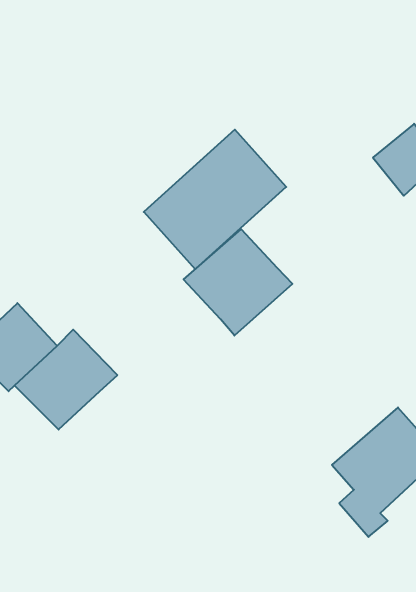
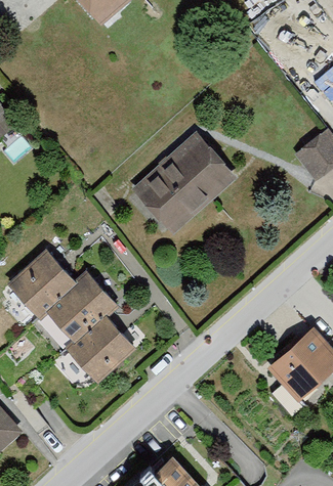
building: [184,229,292,336] -> none
building: none -> [69,316,134,382]

